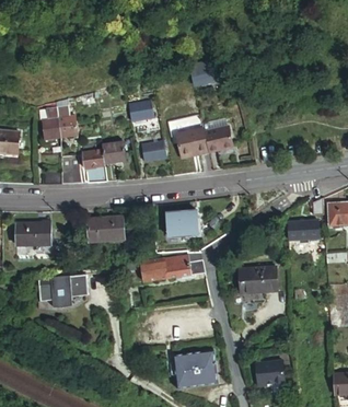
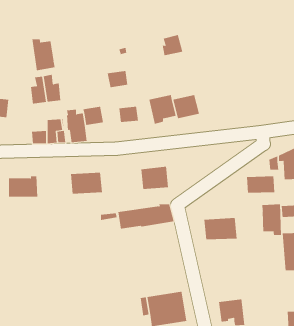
building: none -> [32,38,55,71]
building: none -> [262,203,282,236]
building: [38,272,89,306] -> none

